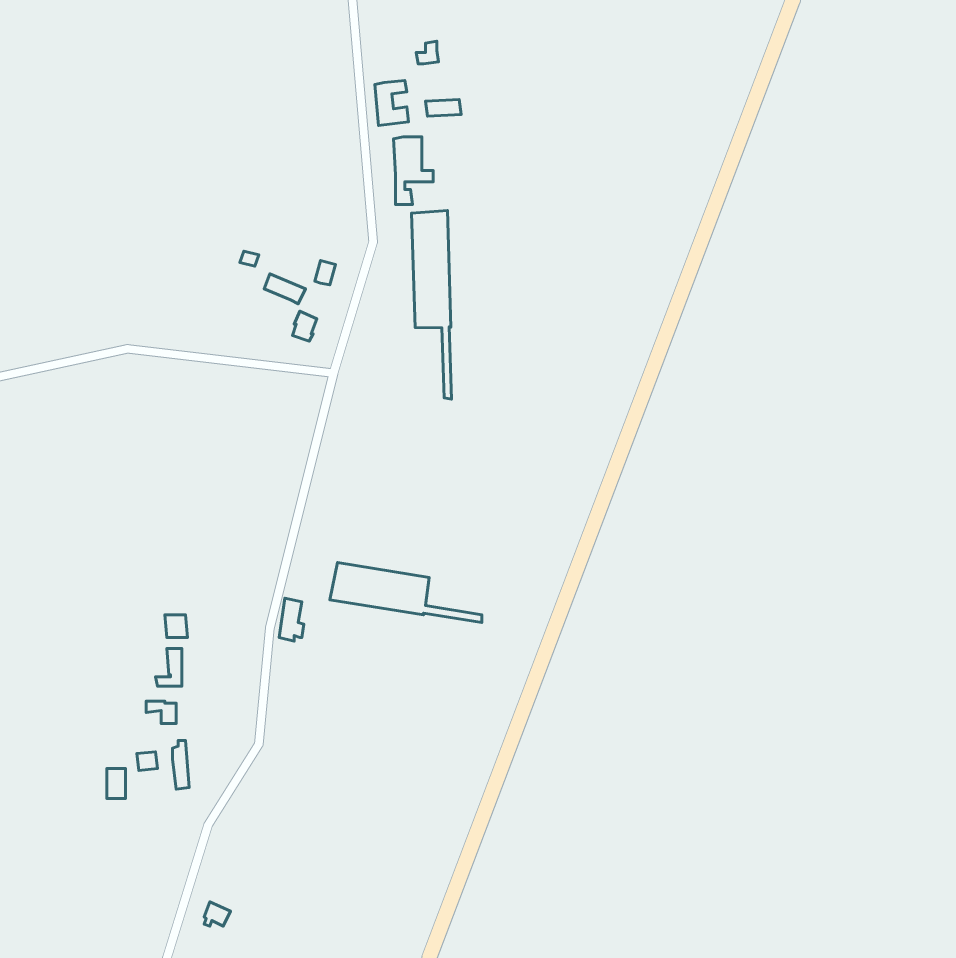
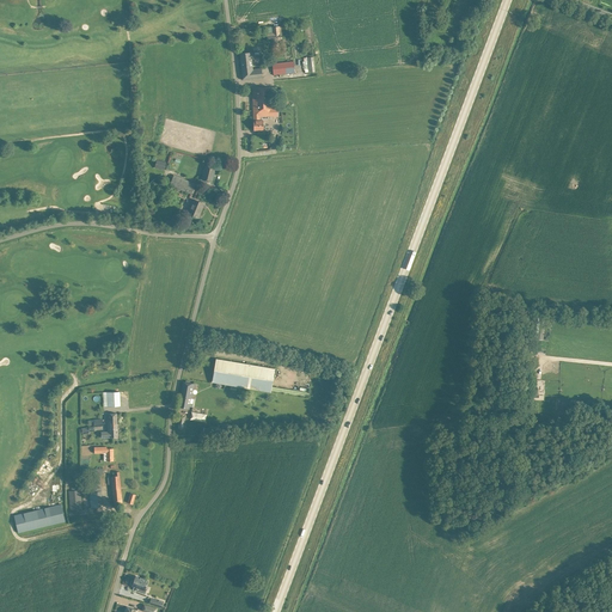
building: [412,210,451,399] -> none
building: none -> [13,504,65,533]

